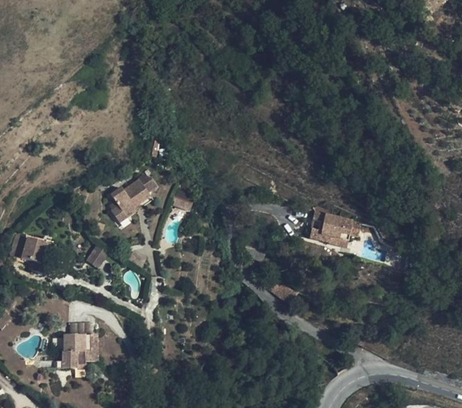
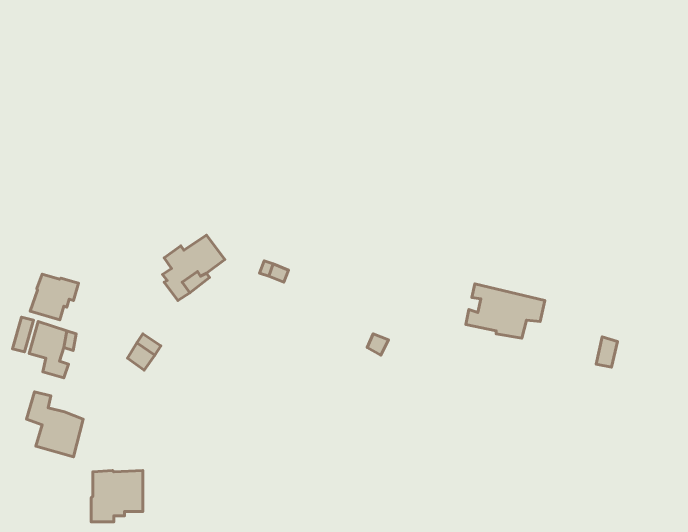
building: none -> [30,274,79,320]
building: none -> [27,392,83,457]

